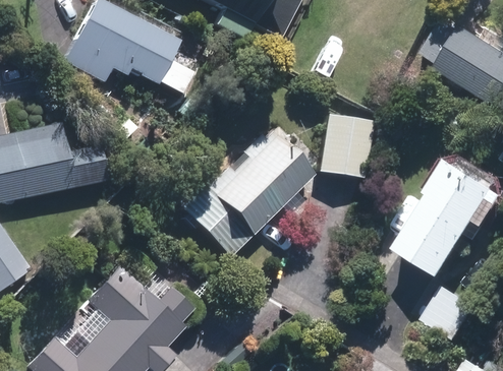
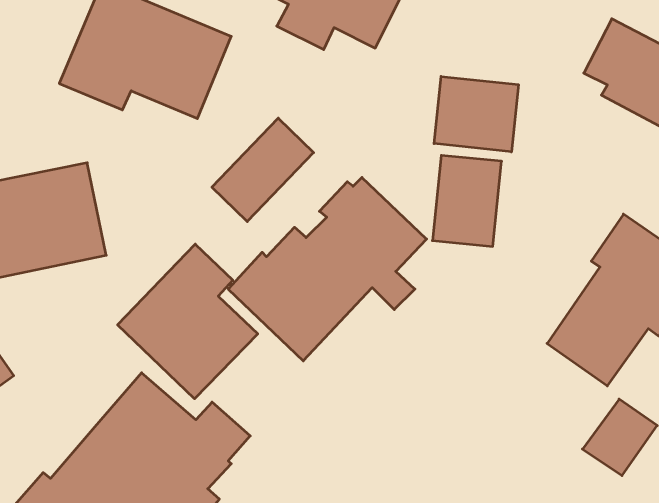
building: none -> [434,76,518,152]
building: none -> [212,118,314,222]
building: none -> [118,244,258,399]

